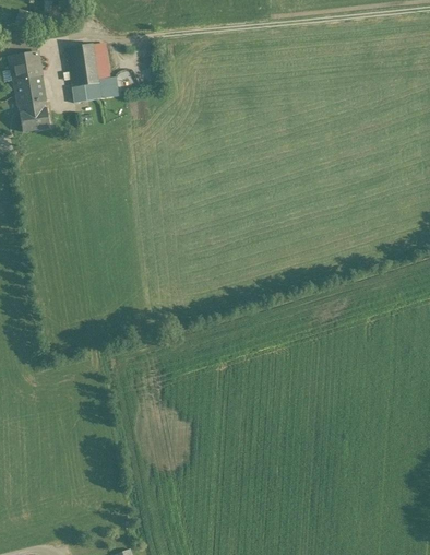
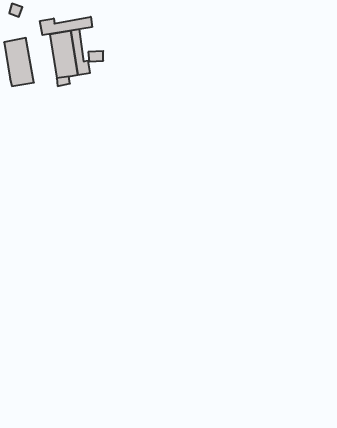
building: none -> [40,17,92,35]
building: [20,107,50,131] -> none

